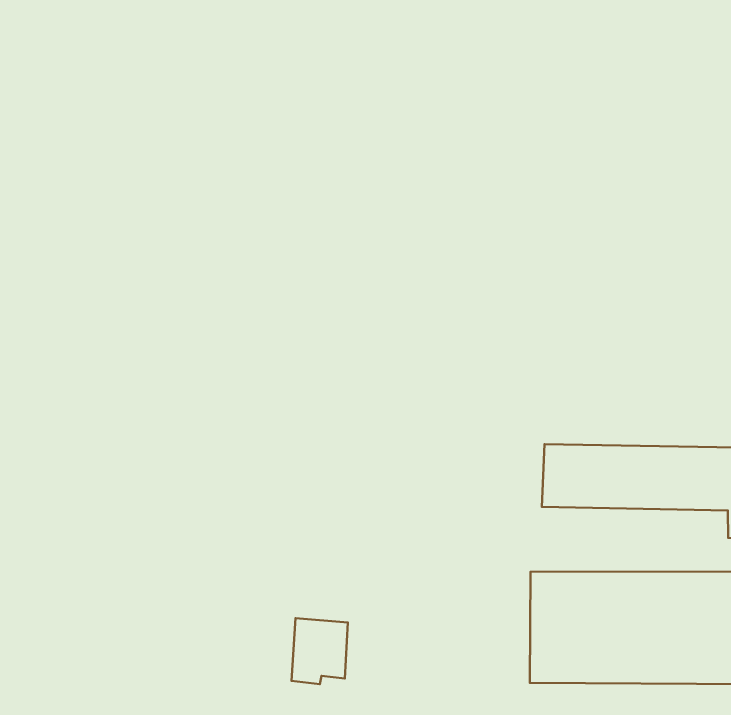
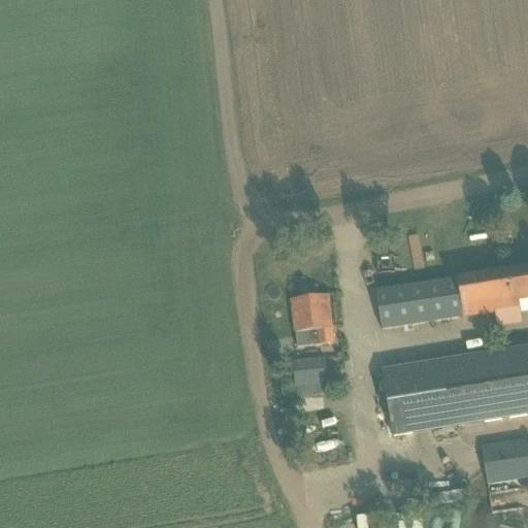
building: none -> [292,293,333,345]
building: [291,618,348,684] -> [292,355,328,396]

